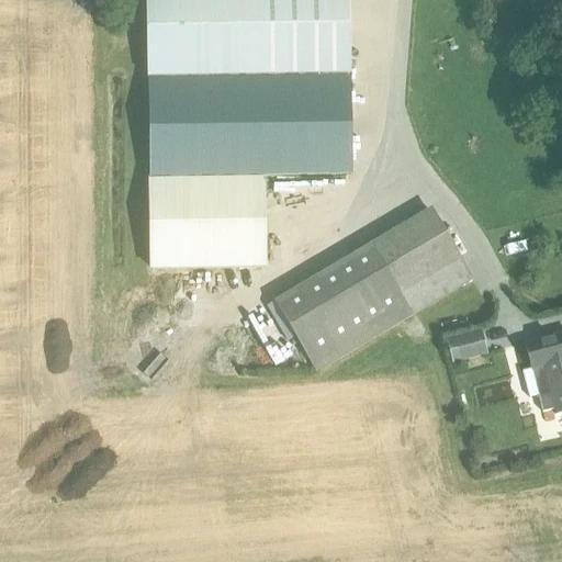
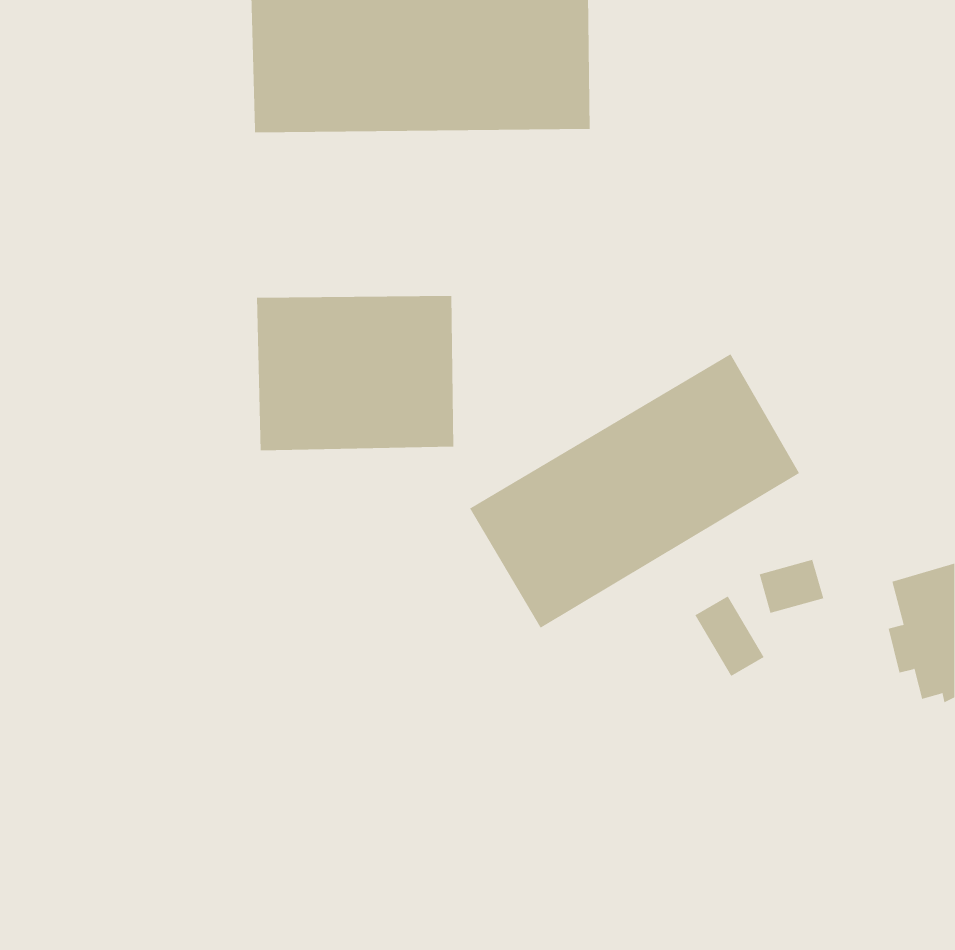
building: [149,76,349,175] -> none
building: none -> [694,596,764,677]

